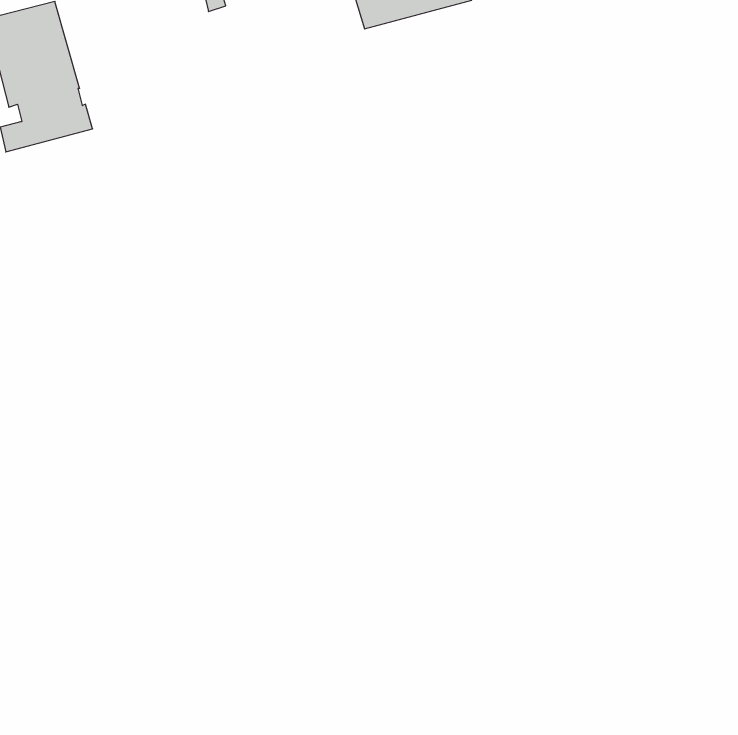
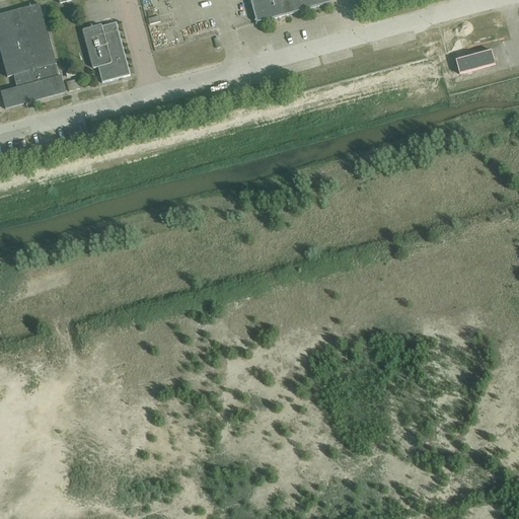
building: none -> [81,20,130,81]
building: none -> [455,49,494,72]

